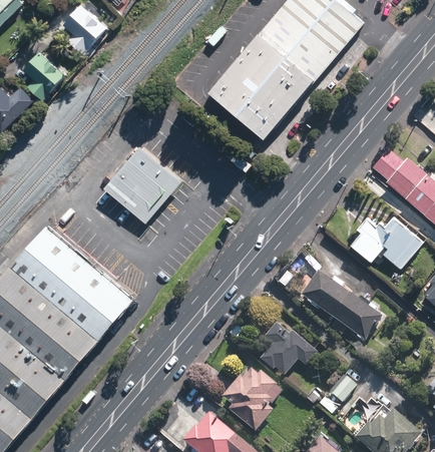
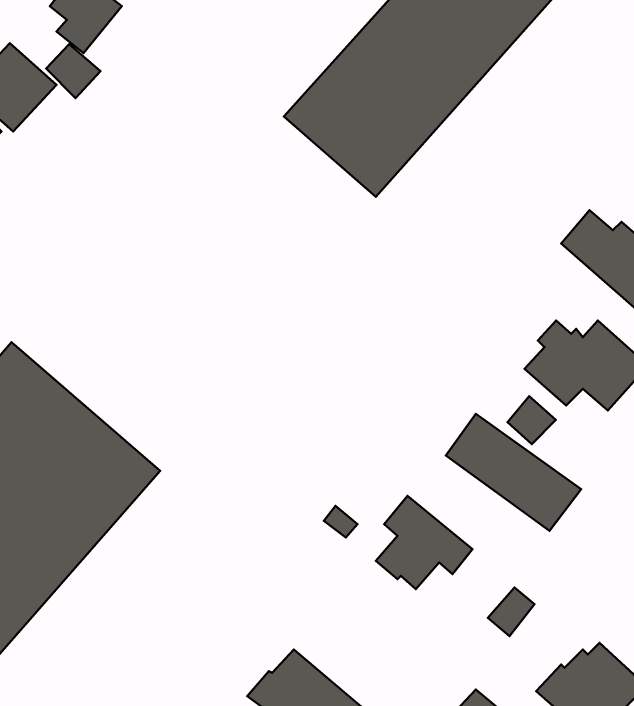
building: none -> [46,44,100,98]
building: [104,144,181,220] -> none
building: none -> [508,396,556,444]
building: [222,367,284,431] -> none

